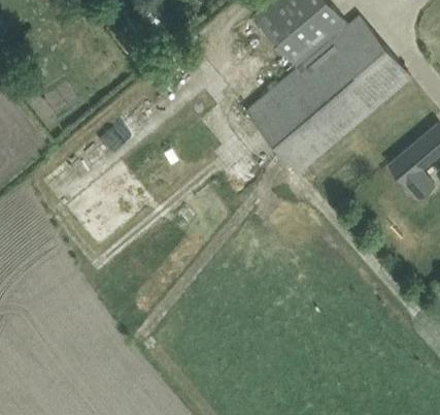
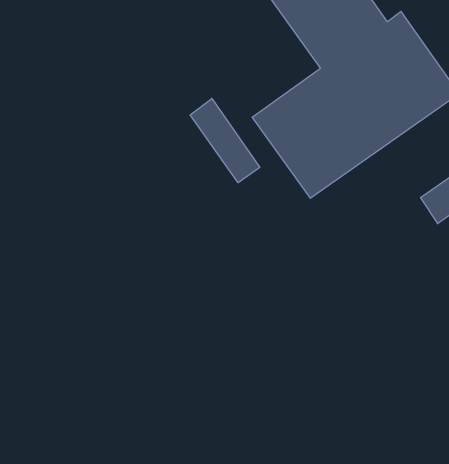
building: none -> [190,98,260,183]

